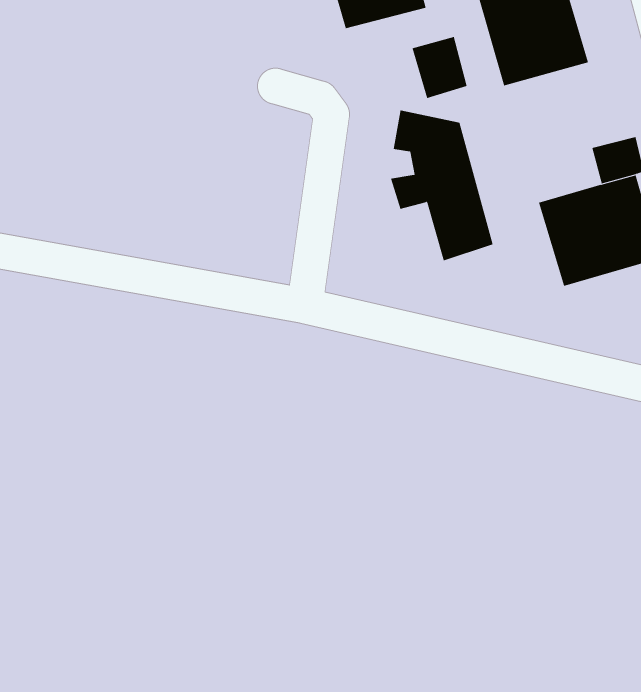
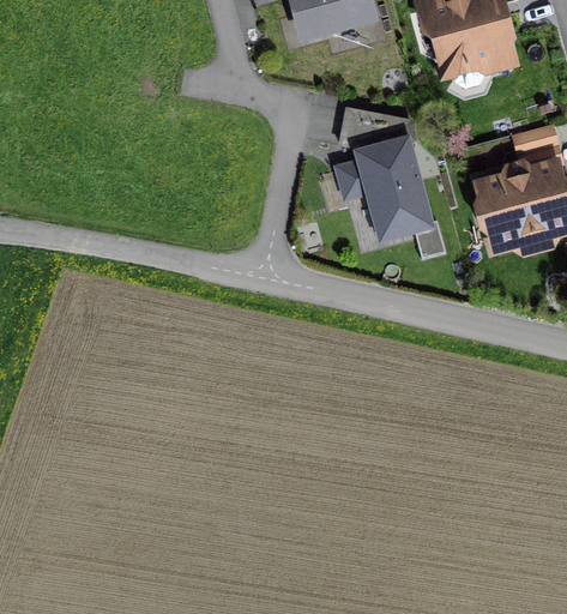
building: [412,36,467,99] -> none

